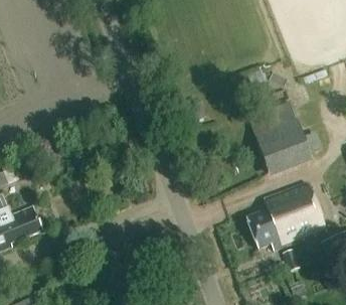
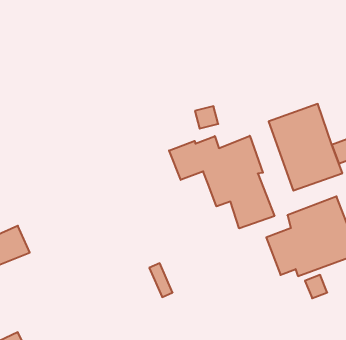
building: none -> [169,136,274,228]

